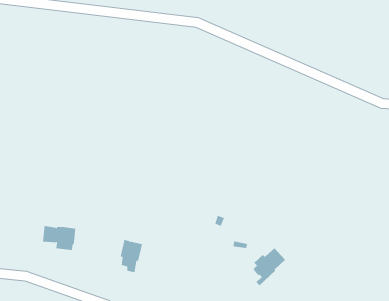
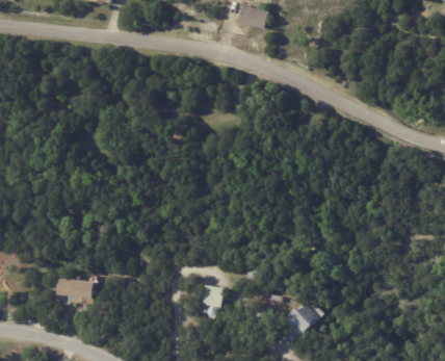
building: [120,239,143,273] -> [200,284,225,320]

